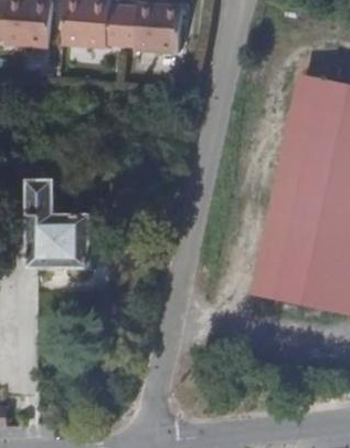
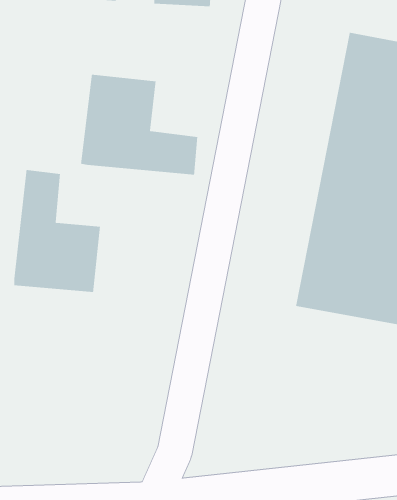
building: none -> [80,74,198,176]

